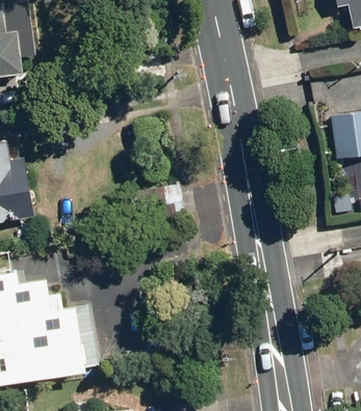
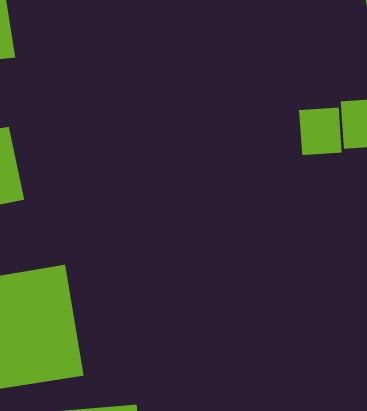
building: none -> [298,107,342,156]

